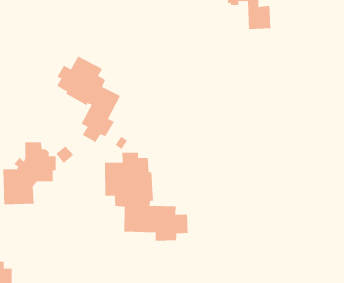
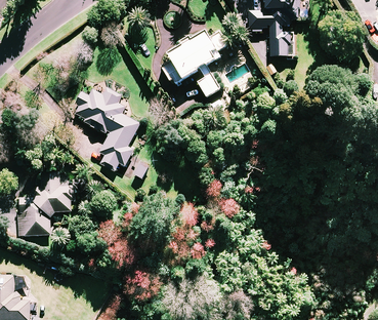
building: none -> [160,30,227,95]
building: [104,152,188,241] -> none

